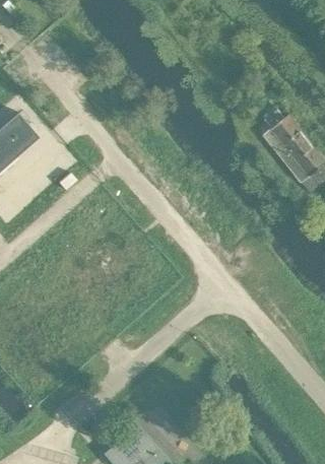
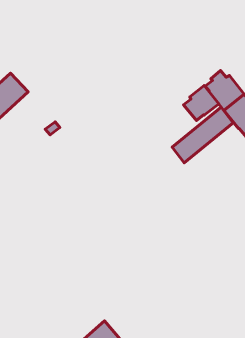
building: none -> [184,86,219,121]
building: none -> [172,107,233,163]

